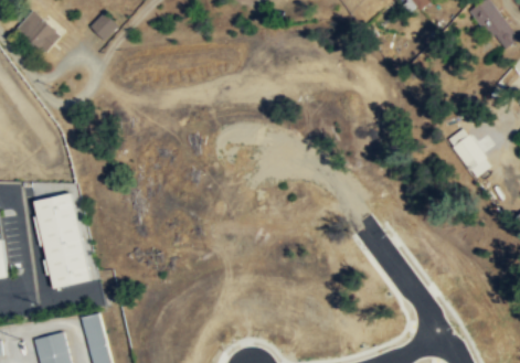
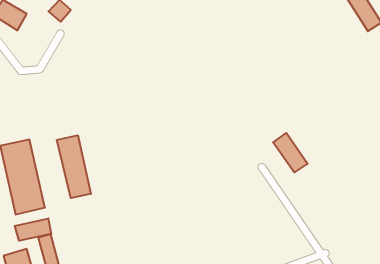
building: [449,128,494,179] -> [273,133,308,172]
building: none -> [57,135,91,198]
building: none -> [15,218,51,241]

